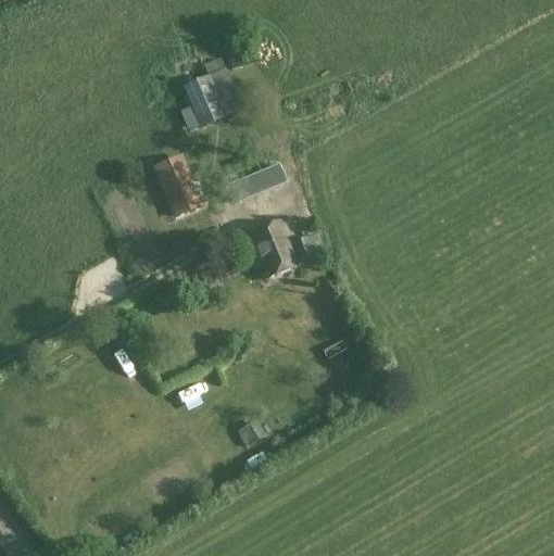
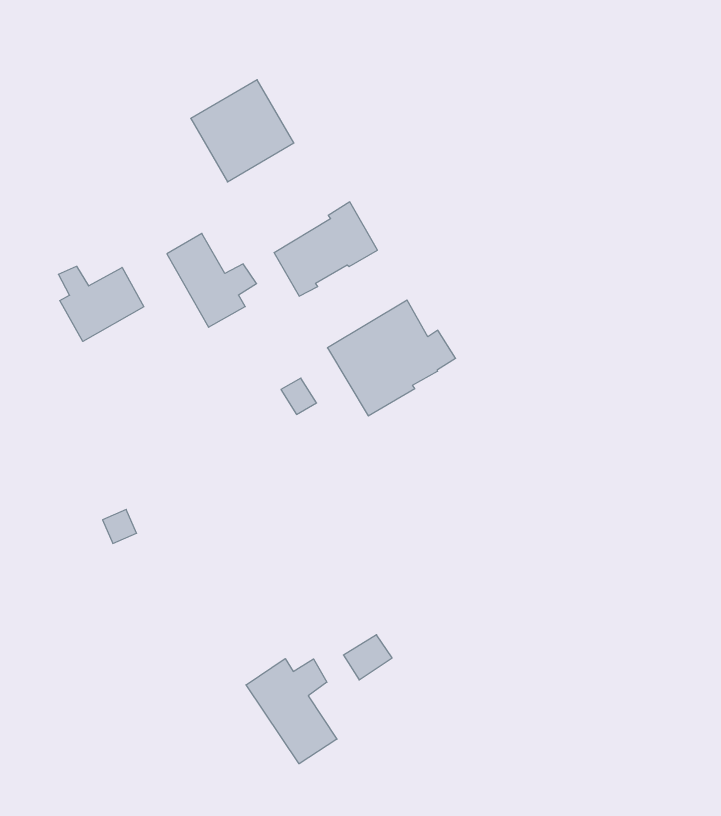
building: none -> [58,266,144,341]
building: none -> [246,659,337,764]

